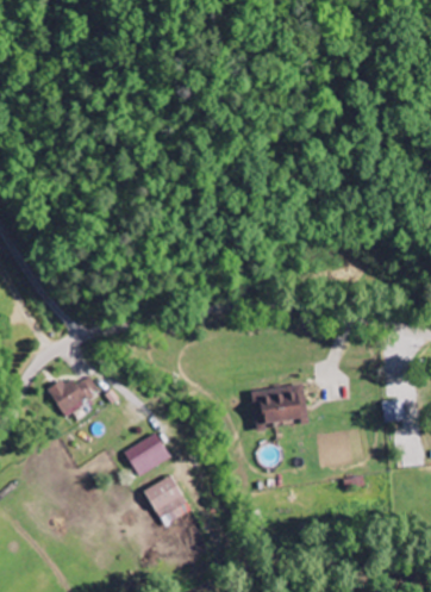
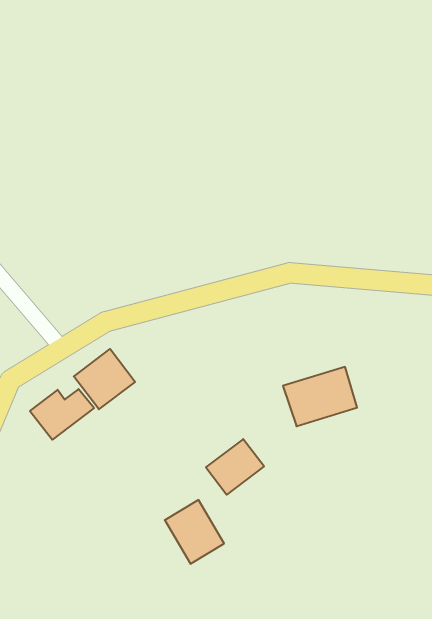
building: none -> [74,349,135,409]
building: [124,434,170,476] -> [206,439,264,495]

